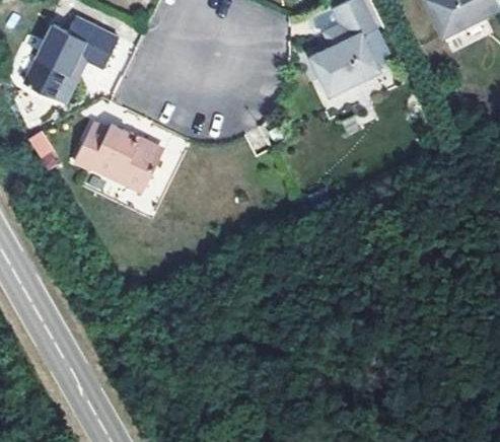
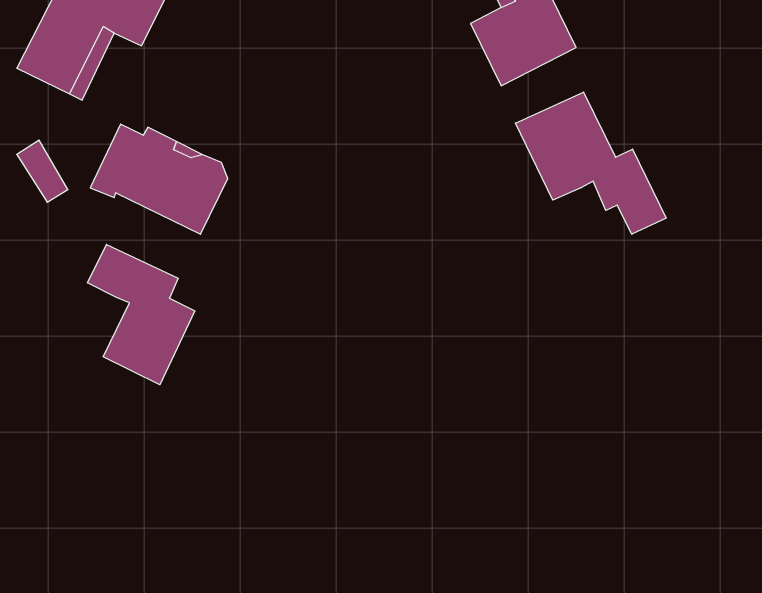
building: none -> [515,92,666,234]
building: none -> [88,244,195,385]

